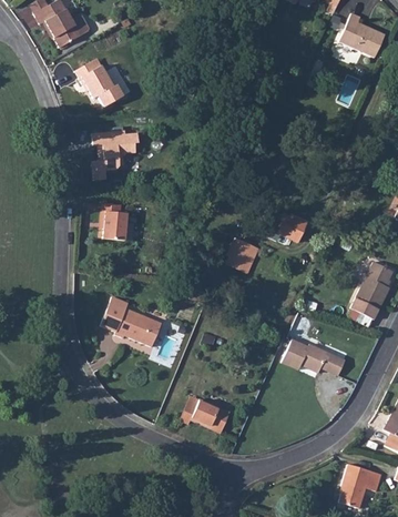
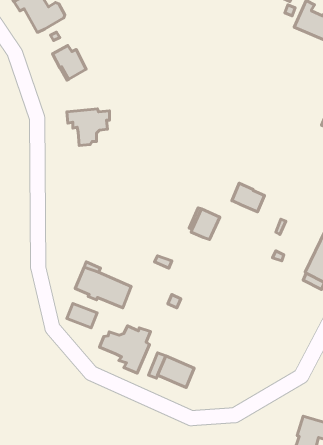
building: [101,202,134,241] -> none
building: [282,338,345,375] -> none
building: none -> [67,304,97,328]
building: none -> [99,326,150,373]

